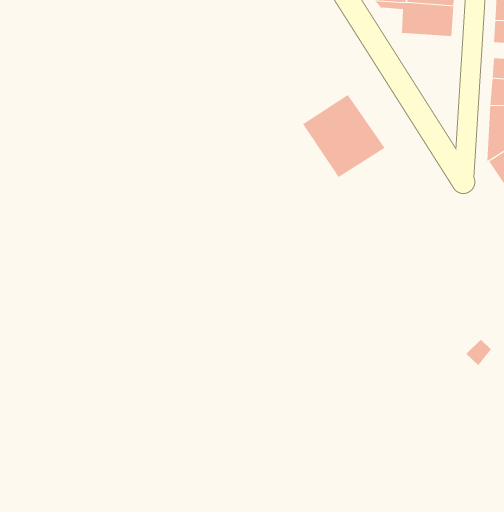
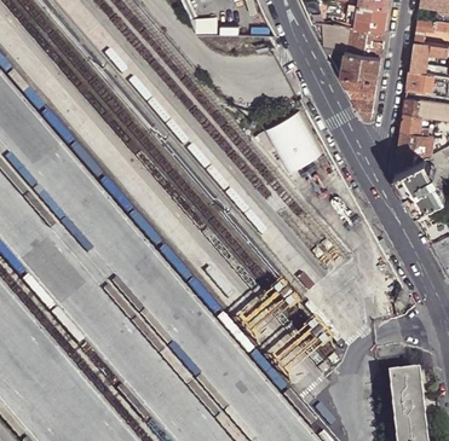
building: none -> [339,72,378,117]

